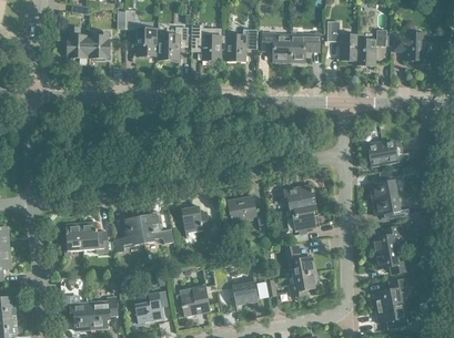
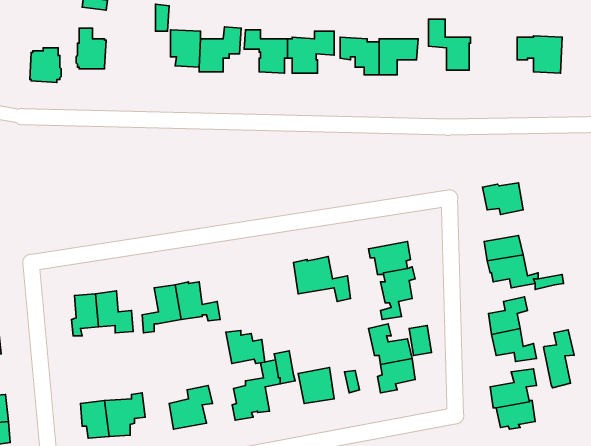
building: [356,29,385,63] -> none
building: [87,32,110,58] -> [30,48,61,82]
building: [180,207,209,232] -> [226,331,265,364]
building: none -> [543,330,574,388]

